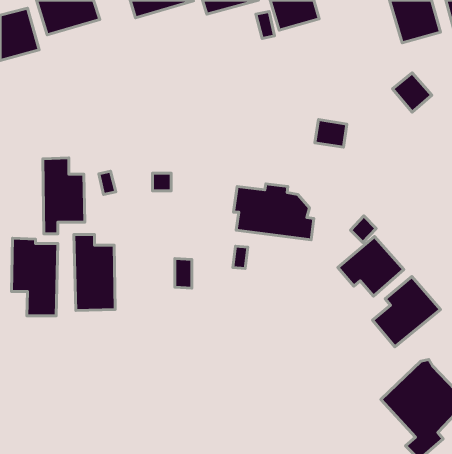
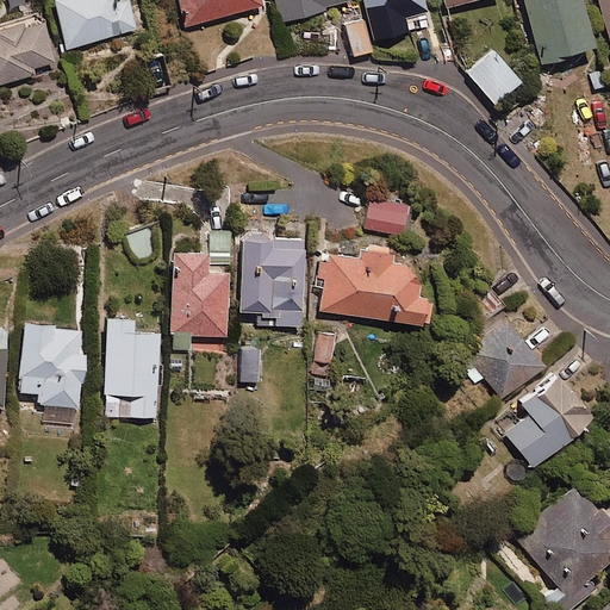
building: [393,73,432,112] -> [468,50,521,102]
building: [315,120,347,147] -> [365,198,407,235]
building: [43,158,85,234] -> [172,249,228,350]
building: none -> [241,229,303,326]

